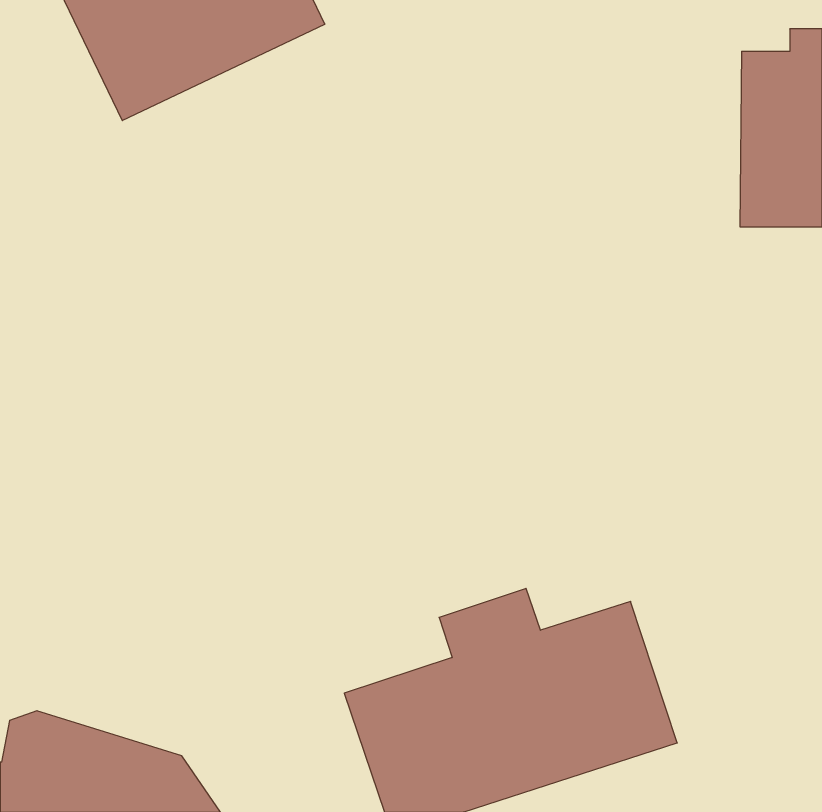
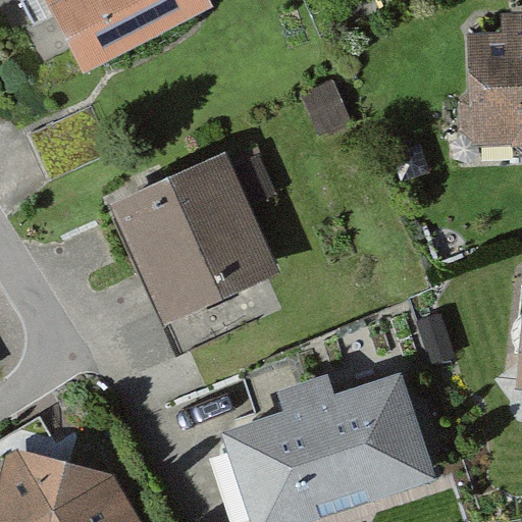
building: none -> [116,158,276,320]

